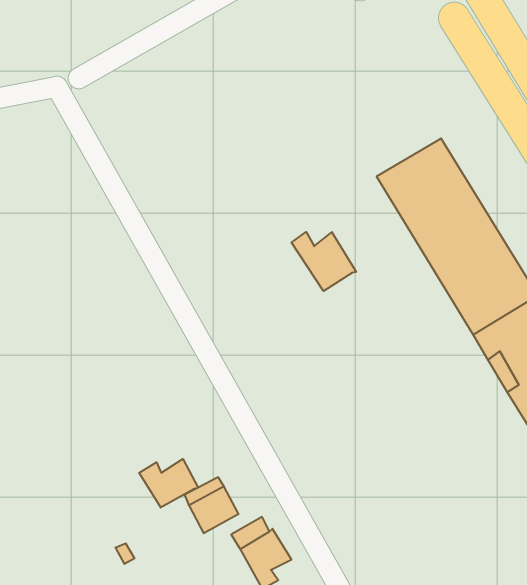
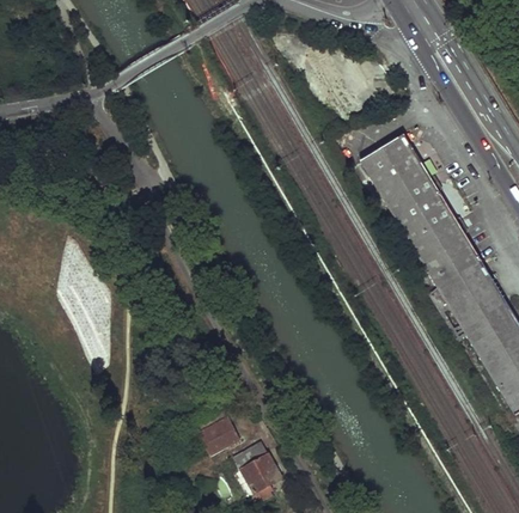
building: [292,232,356,291] -> none
building: [139,459,198,508] -> none

